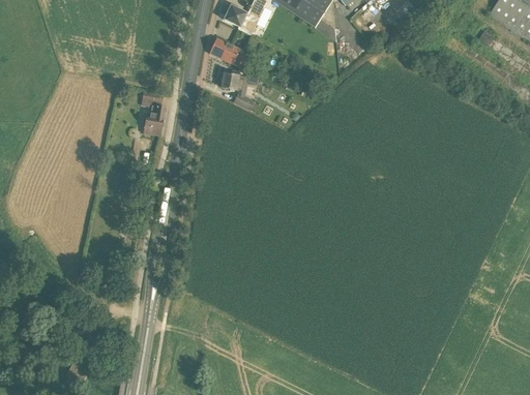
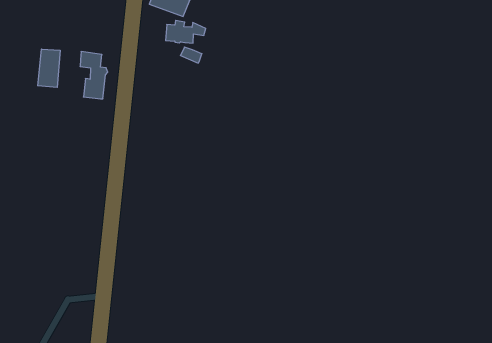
building: none -> [38,49,60,87]

